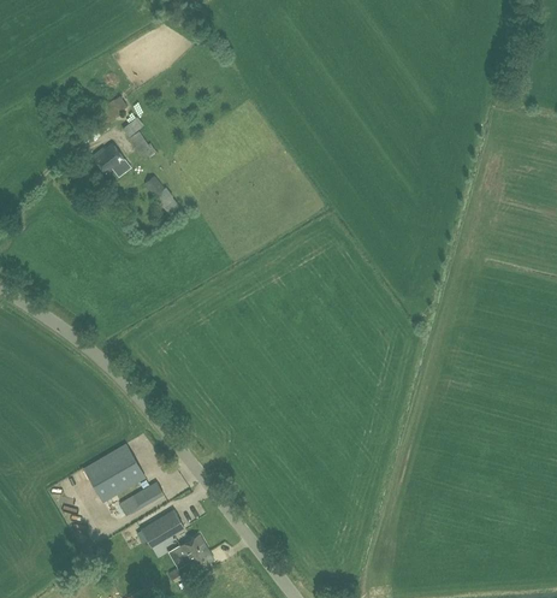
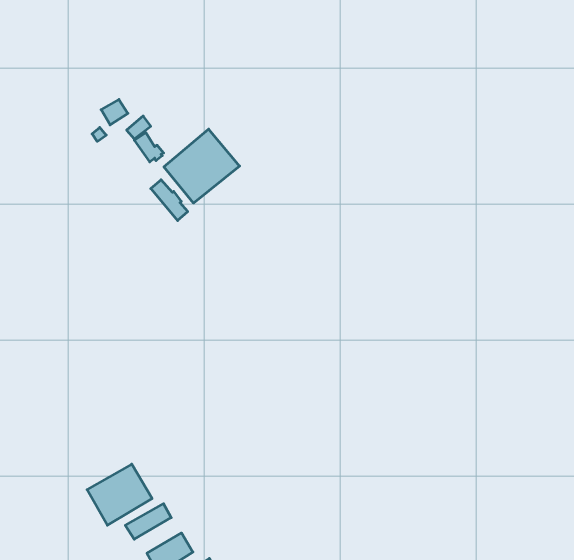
building: none -> [164,129,240,203]
building: [90,142,130,177] -> none

